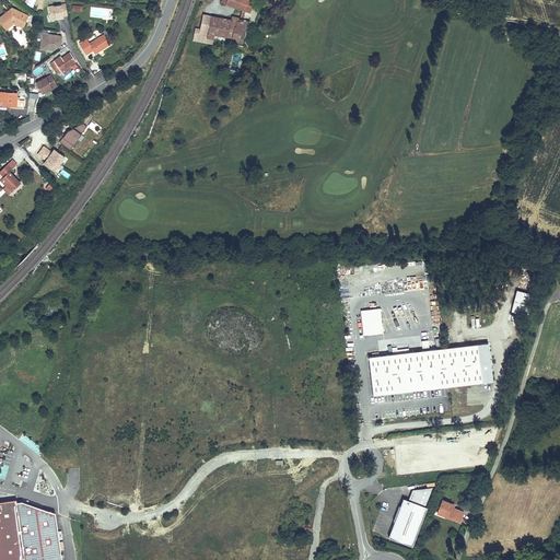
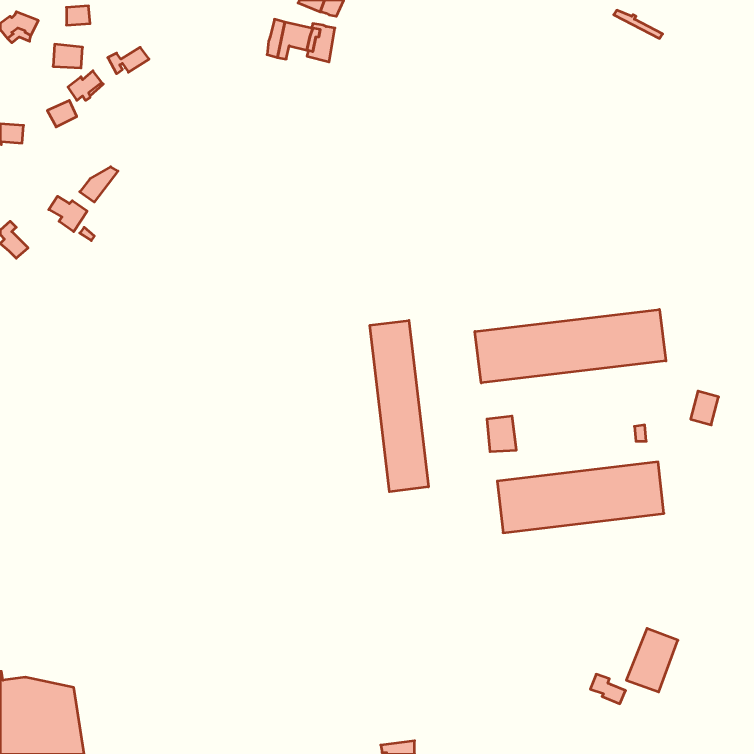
building: none -> [475,309,666,383]
building: none -> [370,320,428,492]
building: [389,497,428,544] -> [626,628,678,692]

